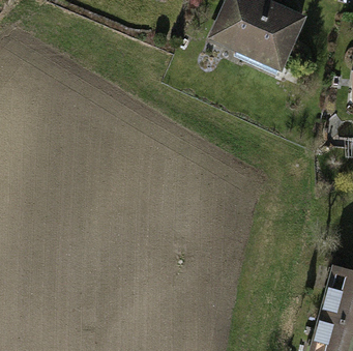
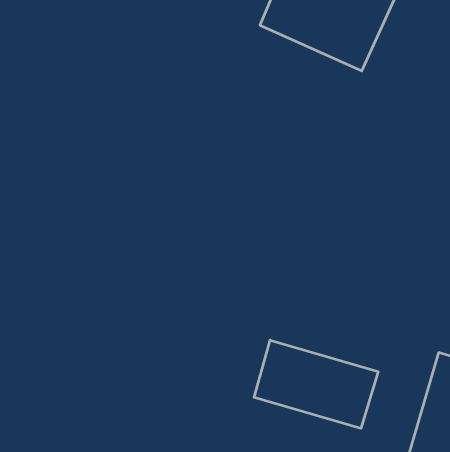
building: none -> [254,340,378,428]

